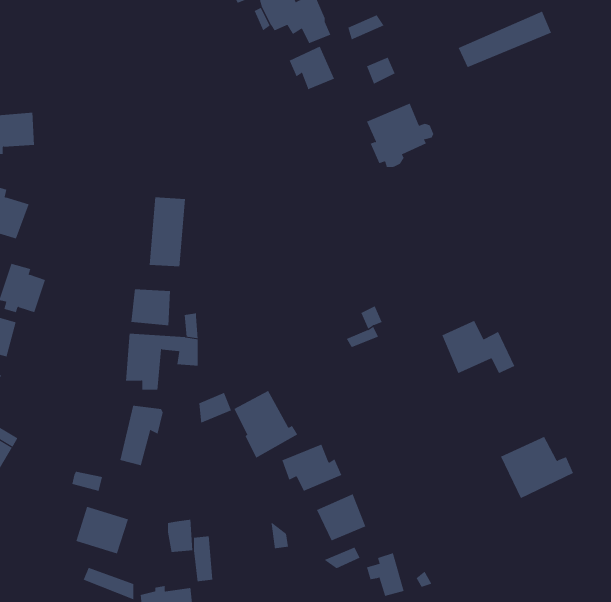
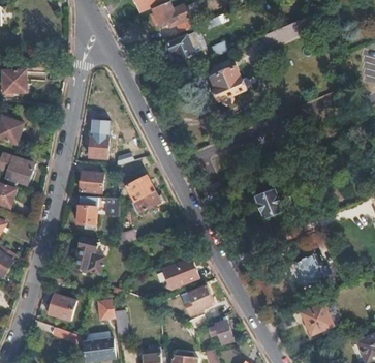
building: [234,390,298,458] -> [127,175,163,213]
building: none -> [303,302,335,334]

